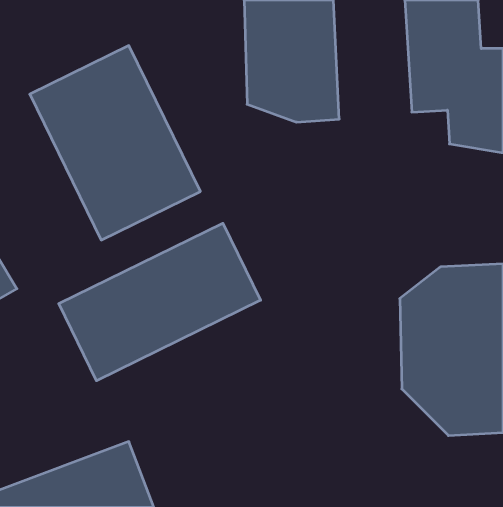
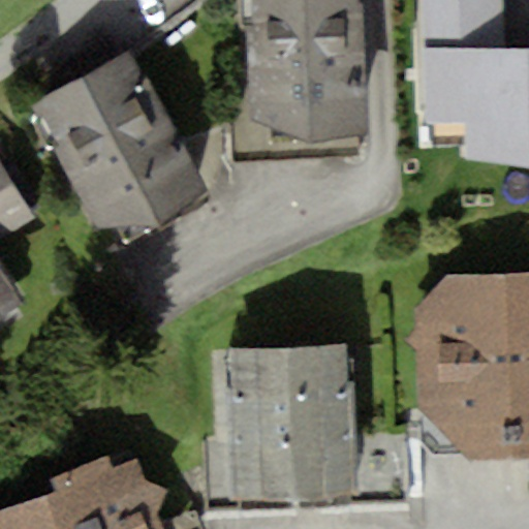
building: [59,223,261,381] -> none
building: none -> [234,345,354,509]

